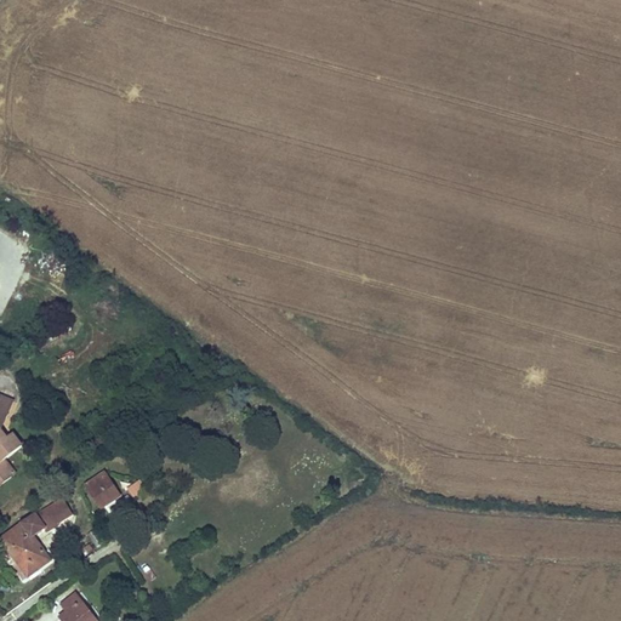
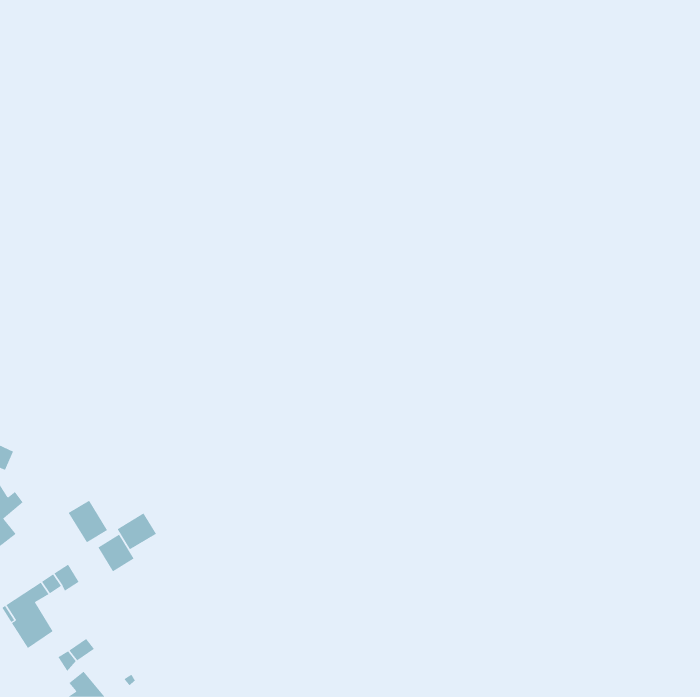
building: none -> [68,500,108,543]
building: none -> [117,513,157,550]

